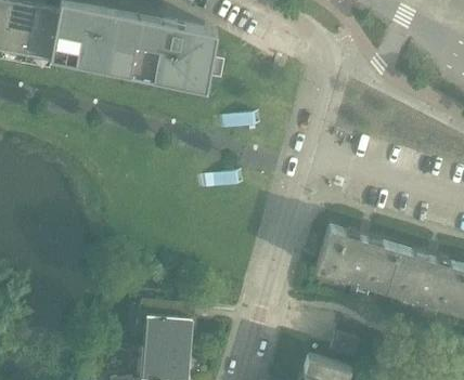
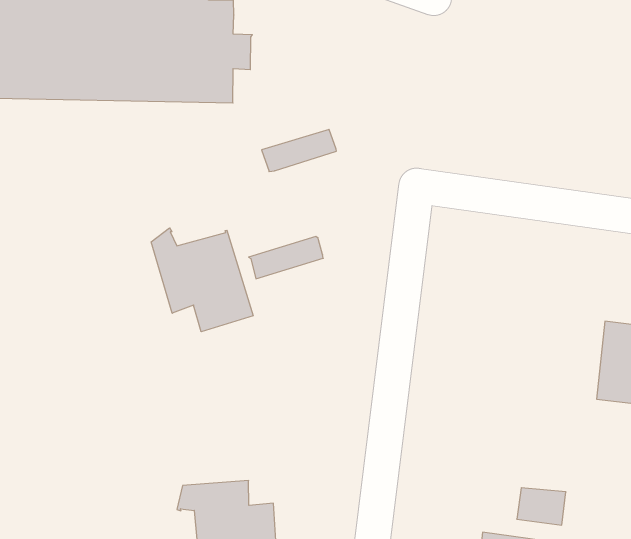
building: none -> [151,228,253,332]
building: [315,227,397,290] -> none

